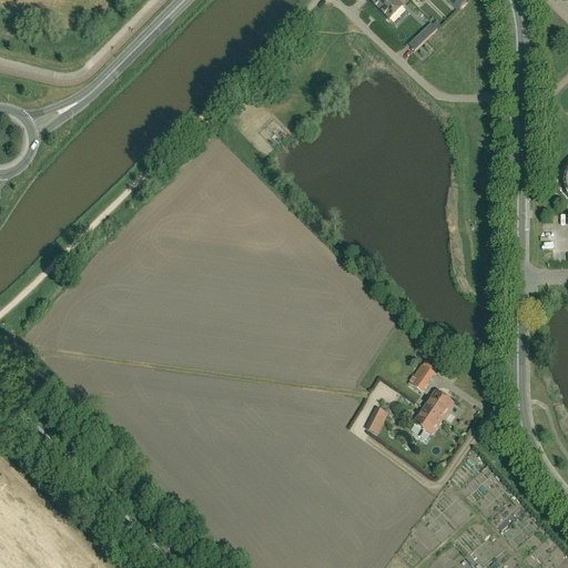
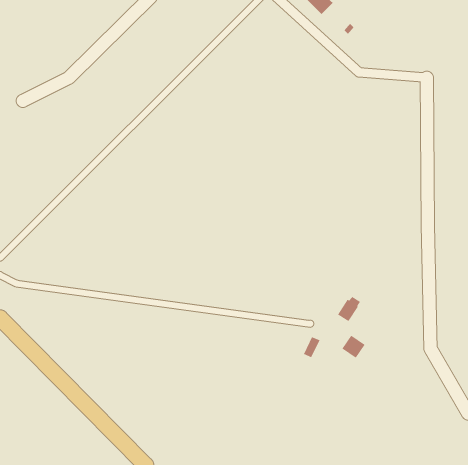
building: [425,388,454,417] -> none

